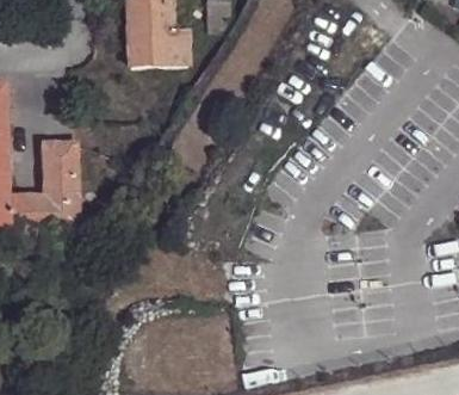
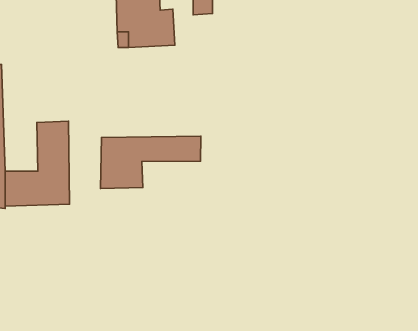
building: none -> [100,136,201,188]

